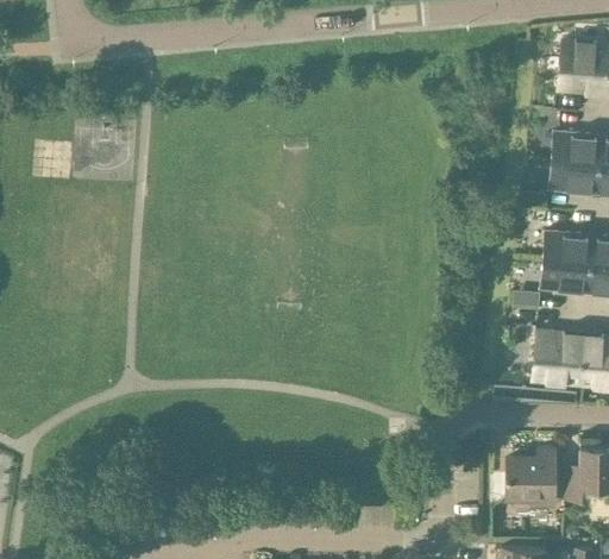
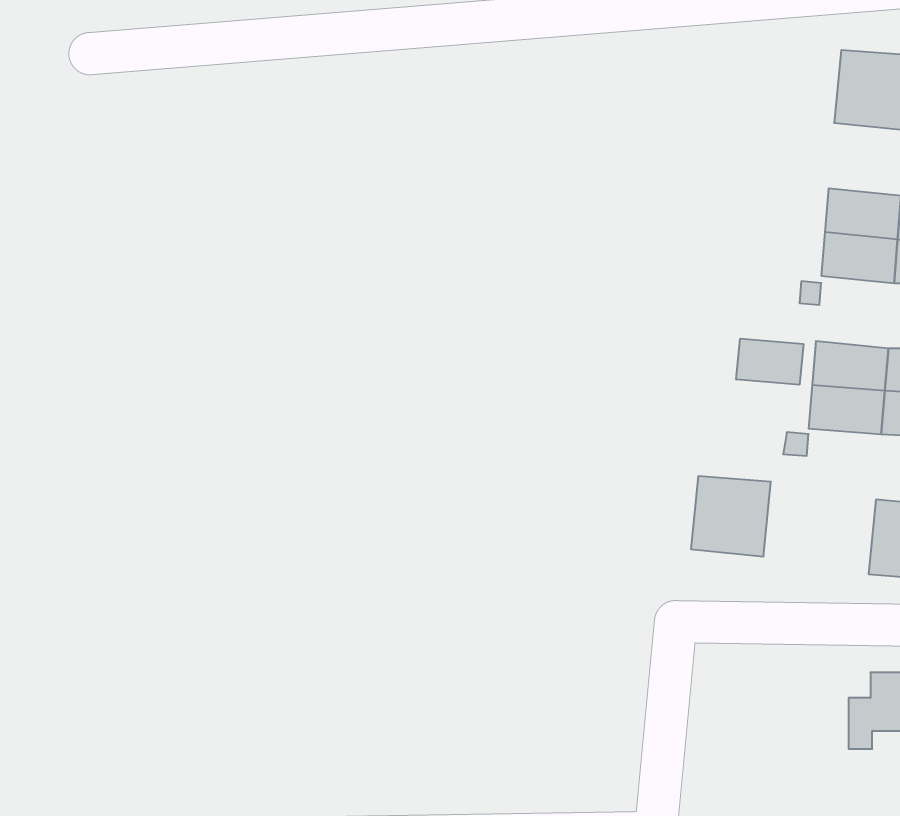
building: none -> [736,339,803,385]
building: [533,333,585,385] -> [691,476,771,556]
building: [494,448,555,513] -> none

